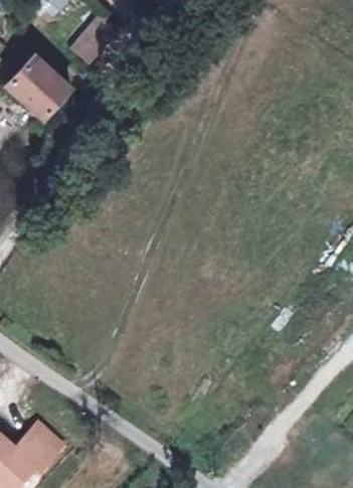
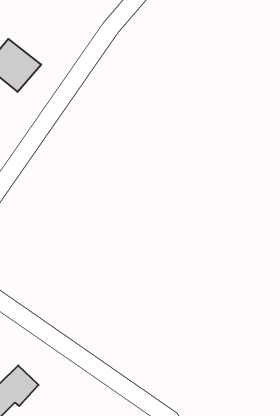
building: [71,14,117,62] -> none

